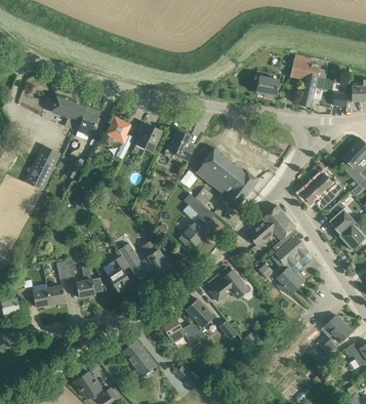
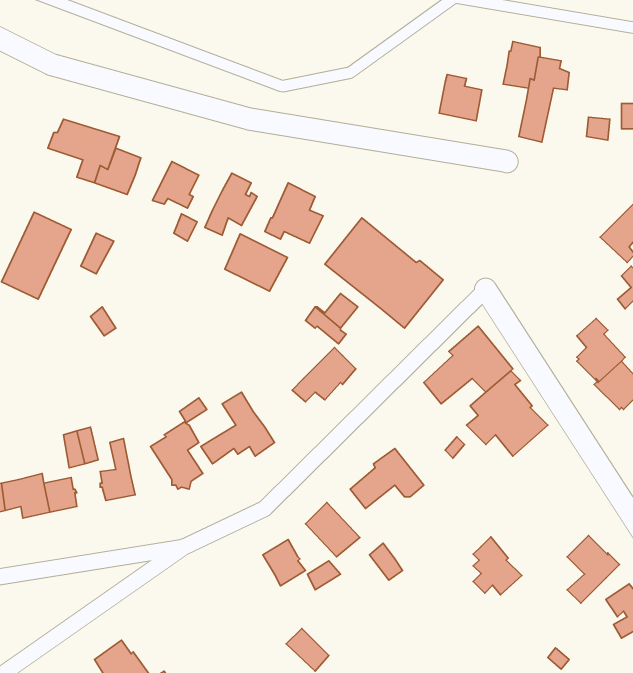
building: none -> [225,234,287,291]
building: [300,172,341,209] -> none
building: [277,262,302,293] -> [473,537,522,595]
building: [122,339,157,376] -> none

